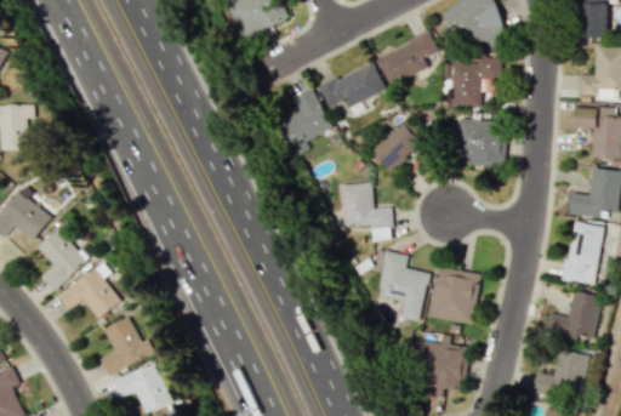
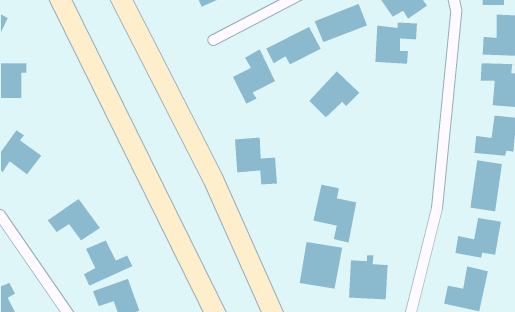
building: [456,119,503,165] -> none
building: [341,182,393,240] -> [234,137,278,185]
building: [38,228,87,290] -> none
building: [429,266,483,324] -> [299,241,343,290]

